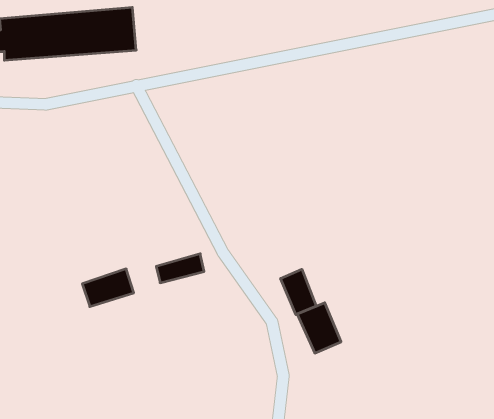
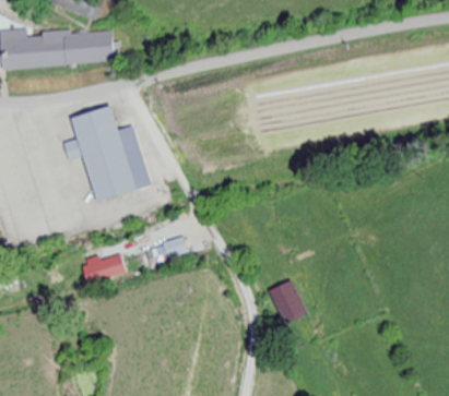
building: none -> [64,108,141,206]
building: [281,269,316,315] -> none

